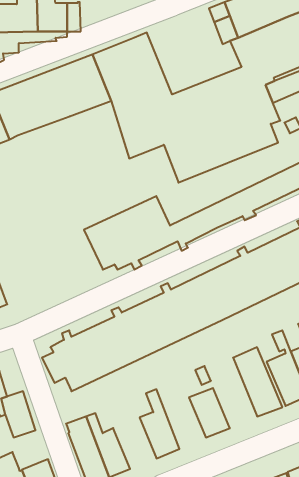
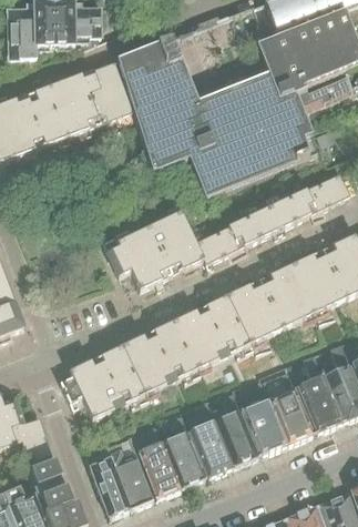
building: none -> [234,377,288,454]
building: none -> [192,401,234,476]
building: none -> [132,423,182,497]
building: none -> [27,459,65,497]

